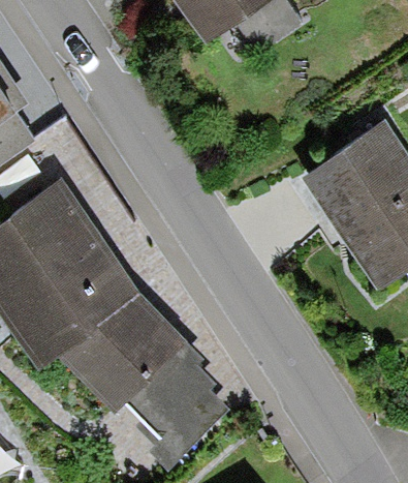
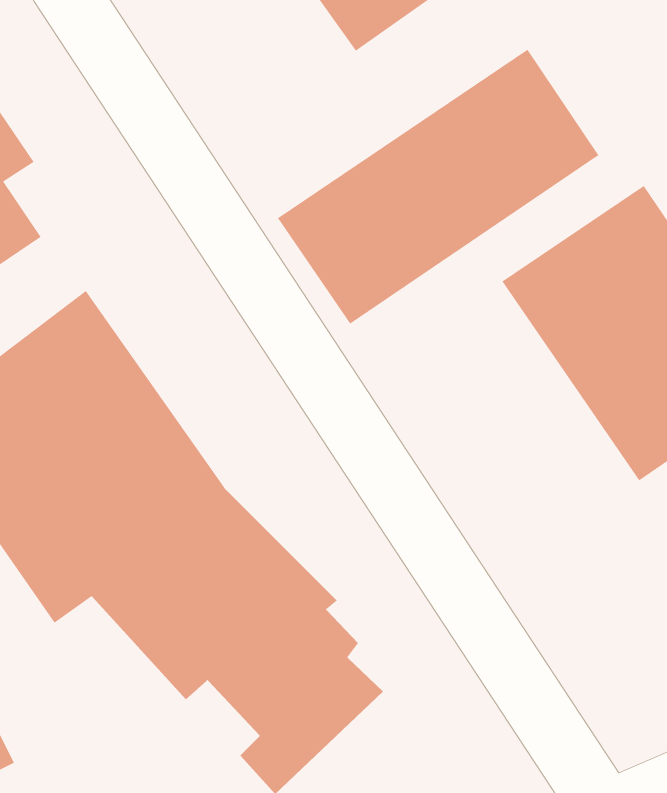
building: none -> [277,49,599,324]

